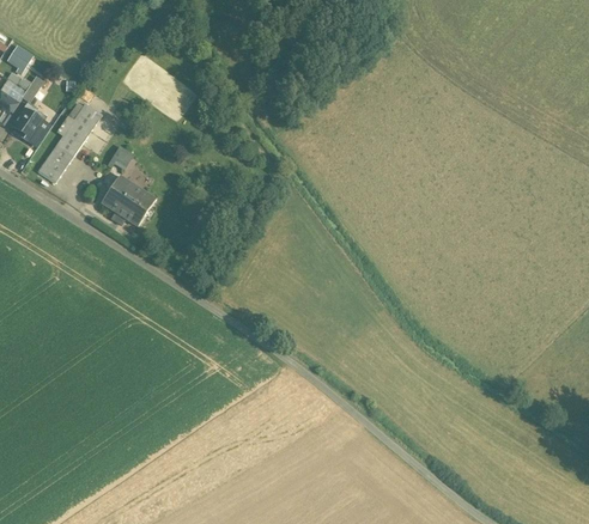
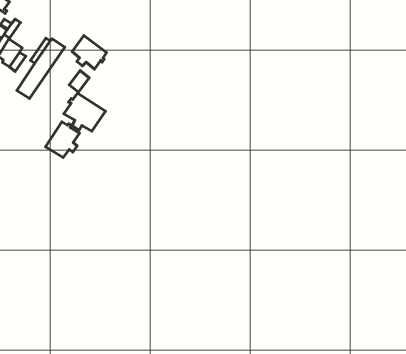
building: none -> [72,35,107,69]
building: none -> [46,122,80,158]

